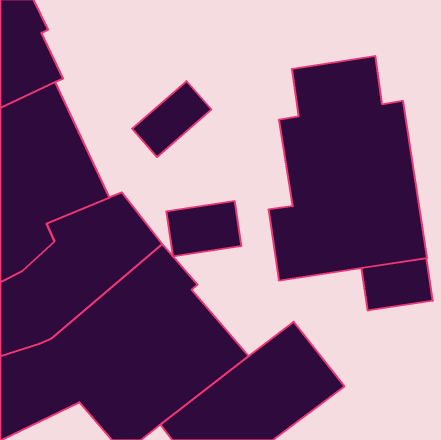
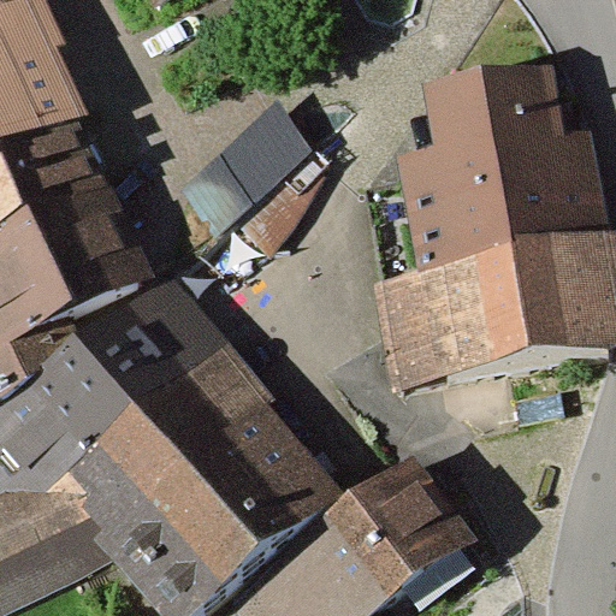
building: [166,201,241,257] -> none
building: [362,258,433,311] -> none

